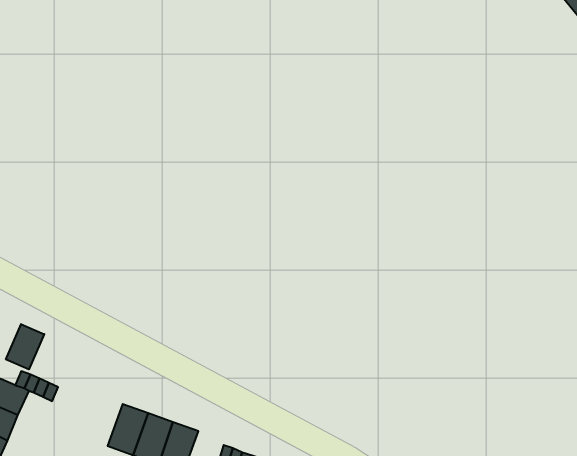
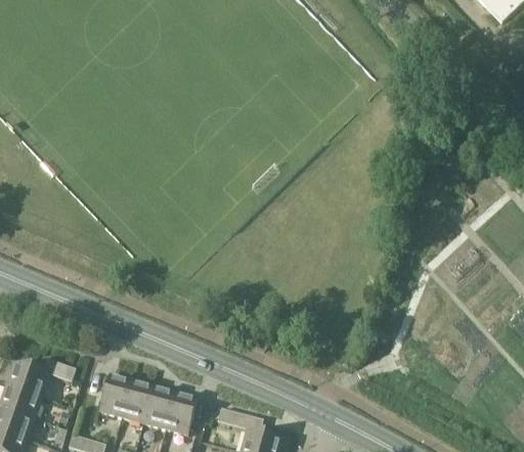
building: [6,324,44,369] -> none
building: none -> [99,373,131,416]

